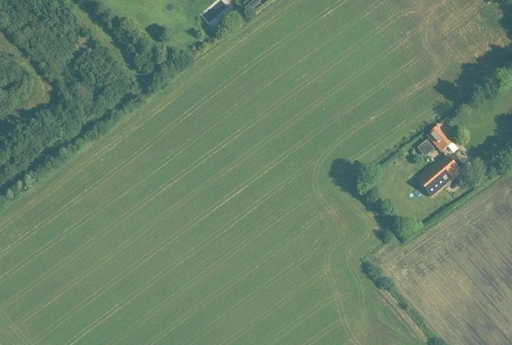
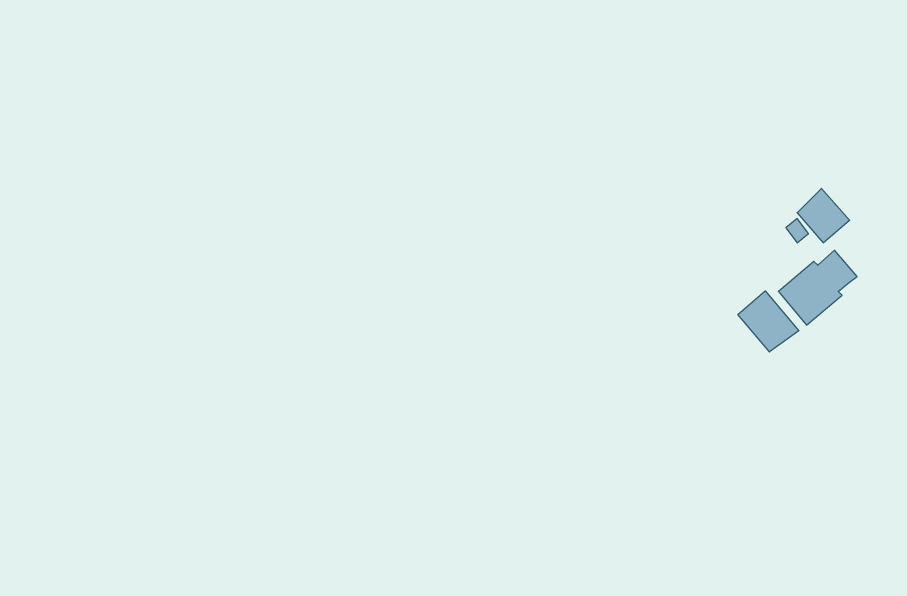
building: none -> [738,291,799,352]

